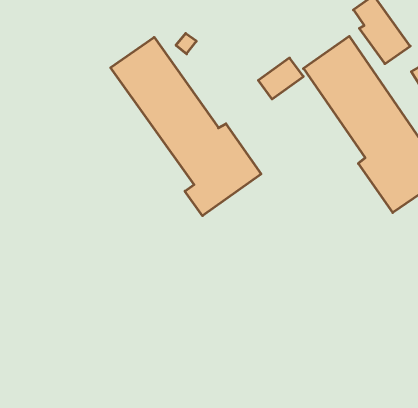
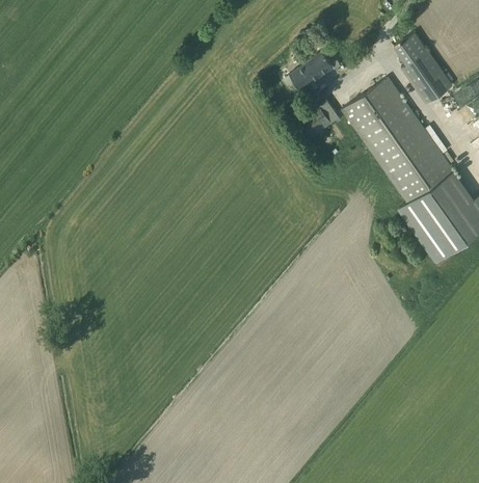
building: none -> [290,50,337,92]
building: [111,37,261,216] -> none

